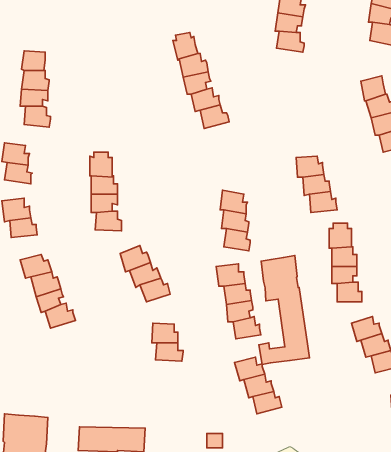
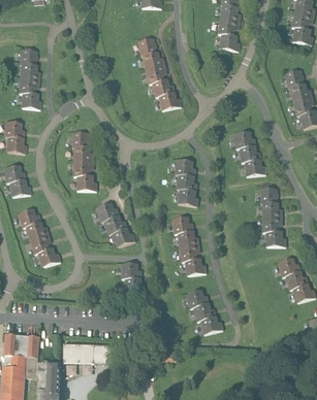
building: [259,256,309,364] -> none

